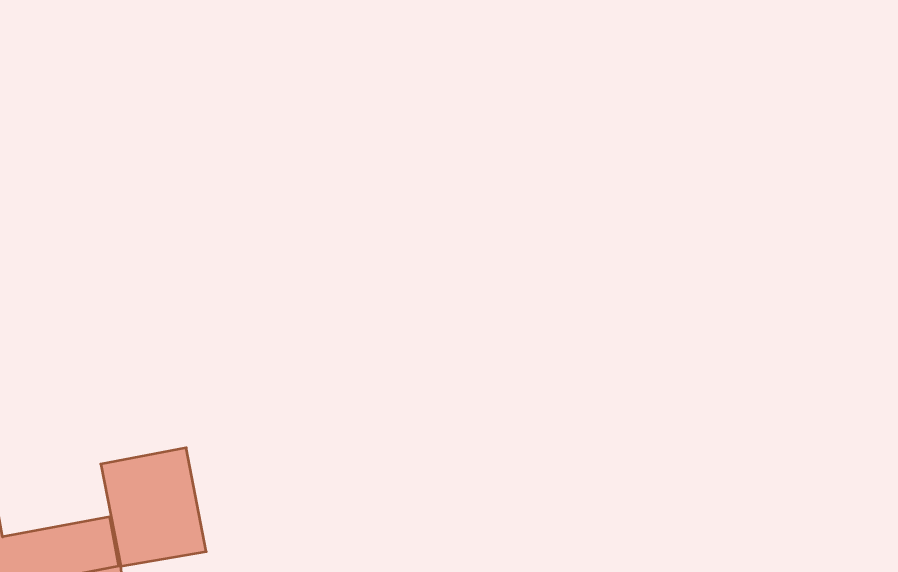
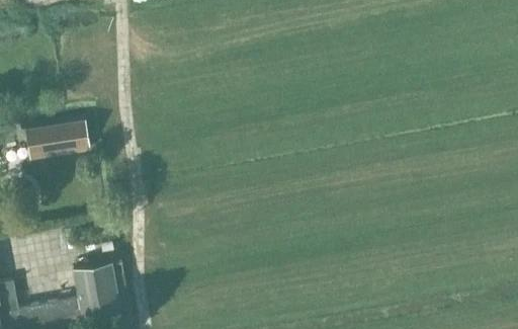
building: none -> [24,119,89,159]

